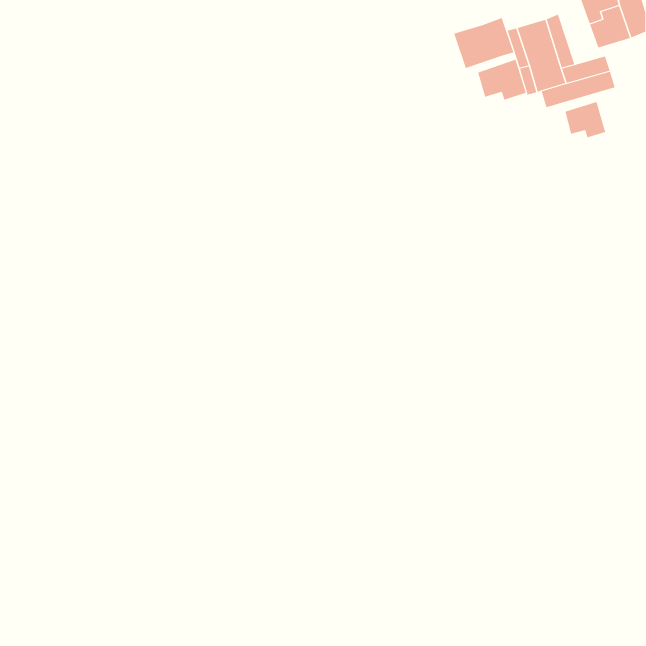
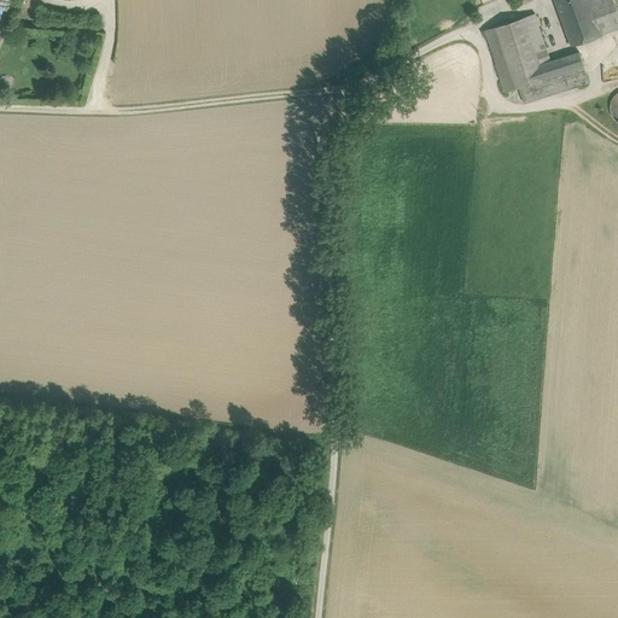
building: [454,17,514,69] -> none
building: [477,59,526,100] -> none
building: [565,101,606,138] -> none

